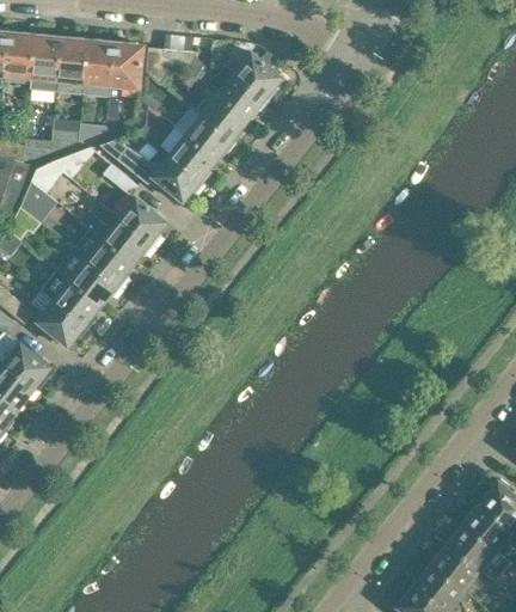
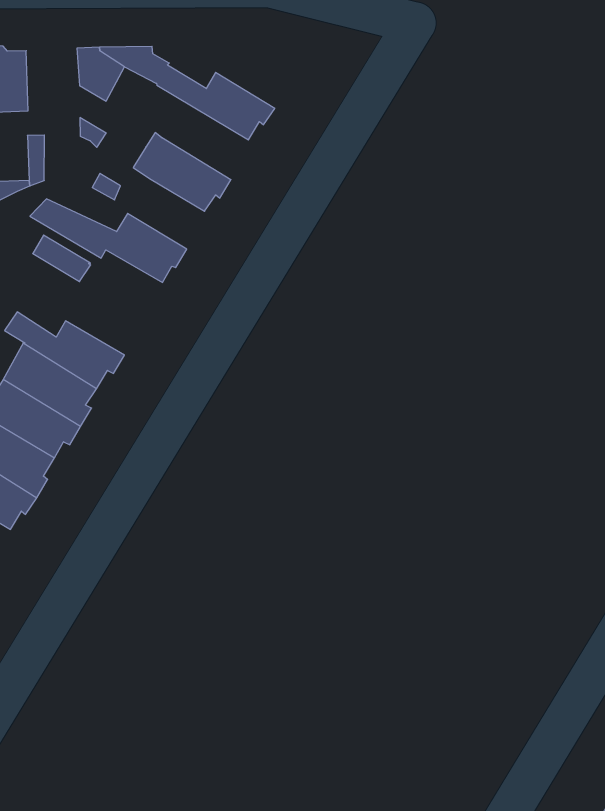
building: [110,43,141,86] -> none
building: [232,54,281,102] -> none
building: [186,78,247,143] -> none
building: [165,136,214,184] -> none
building: [117,198,165,246] -> none

